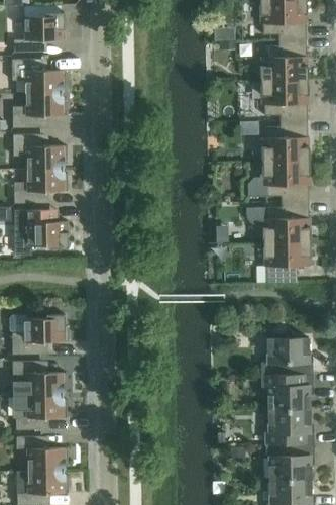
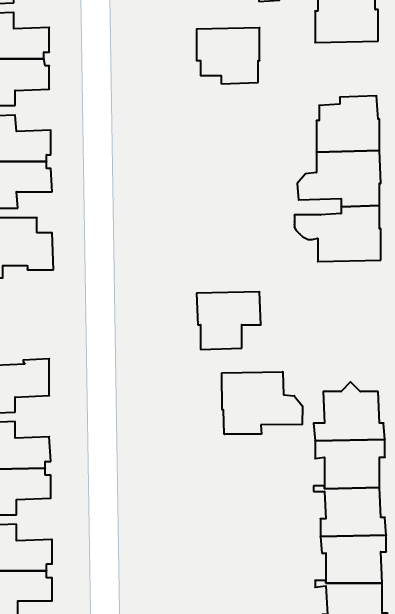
building: [261,80,308,121] -> [197,28,260,84]
building: [263,241,311,284] -> [197,292,261,349]
building: none -> [222,372,303,434]

